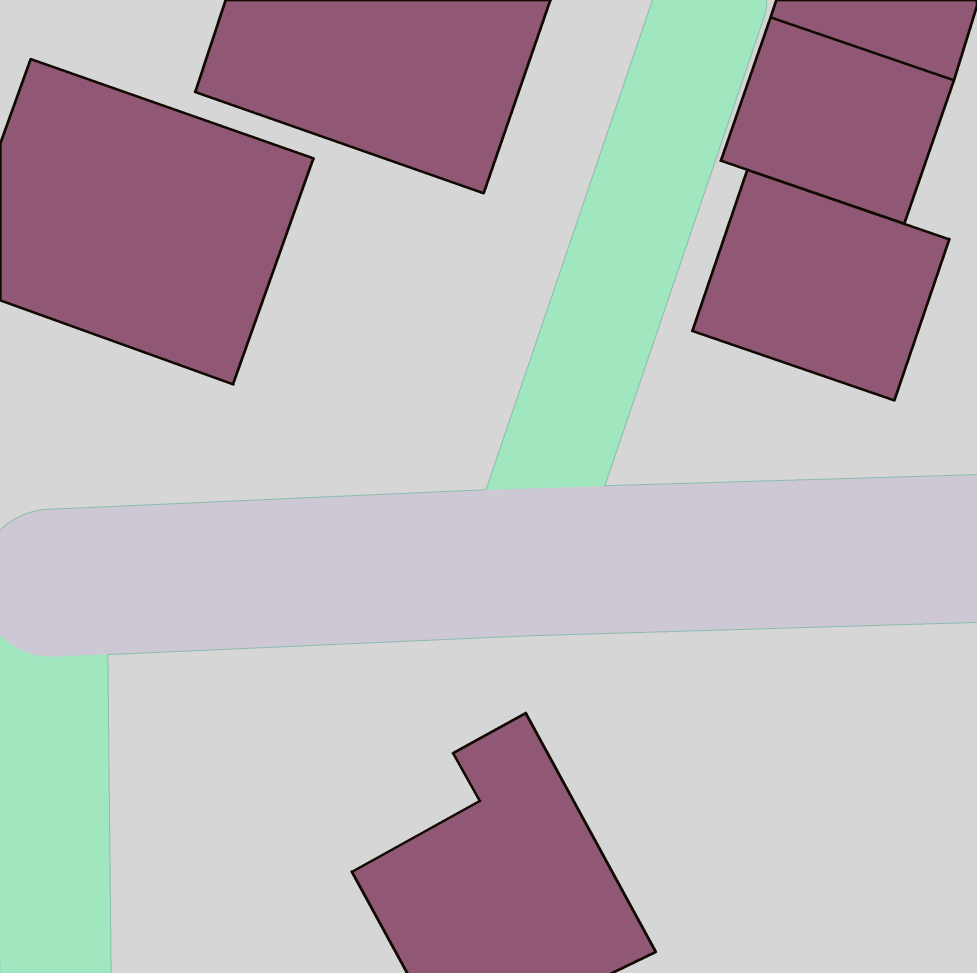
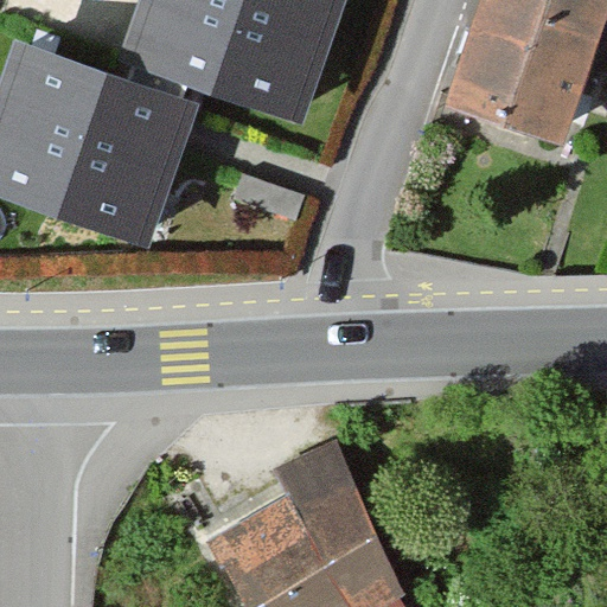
building: [692,170,949,400] -> none

